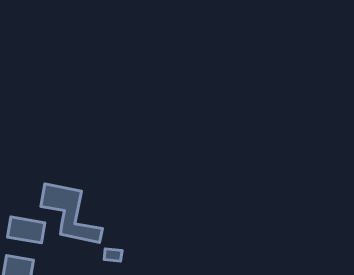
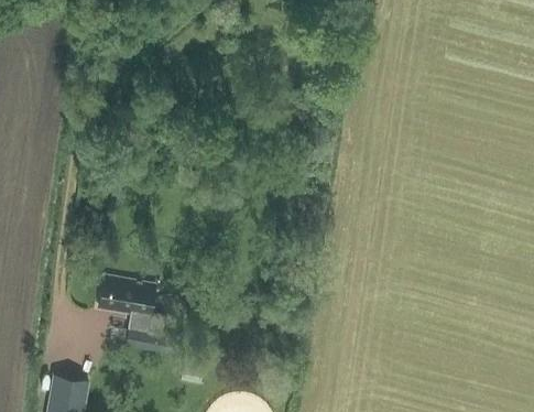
building: [7,217,45,243] -> none

